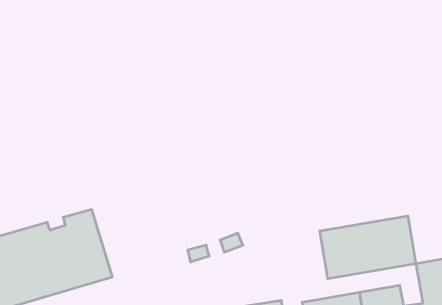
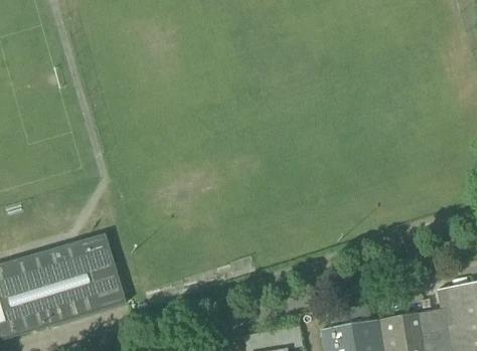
building: [320,216,416,279] -> none

